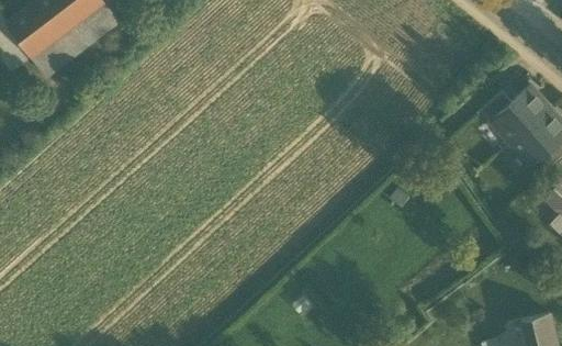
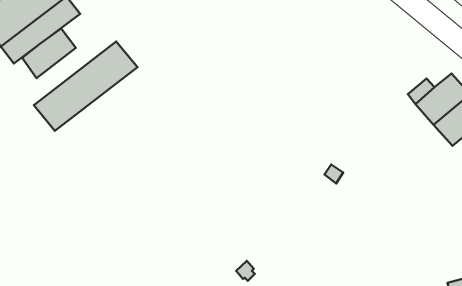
building: none -> [22,29,76,78]
building: none -> [34,41,137,131]

